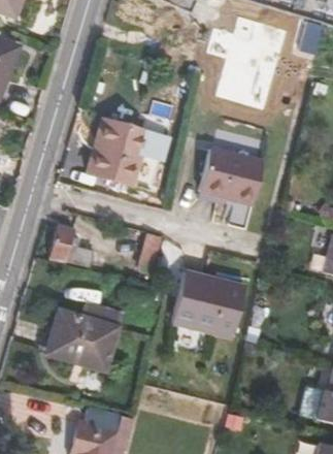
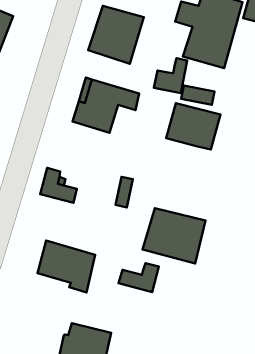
building: none -> [88,6,144,64]
building: none -> [154,58,187,93]
building: none -> [119,263,159,292]

